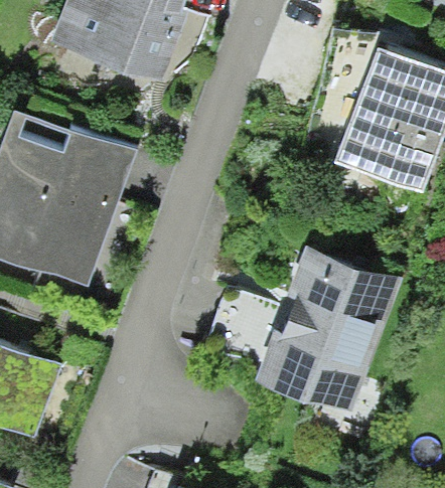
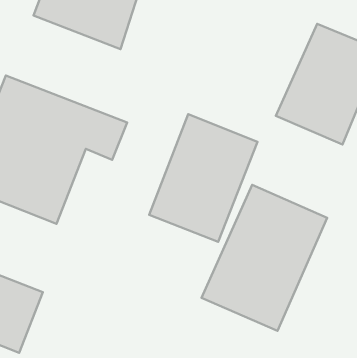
building: none -> [149,114,258,242]

